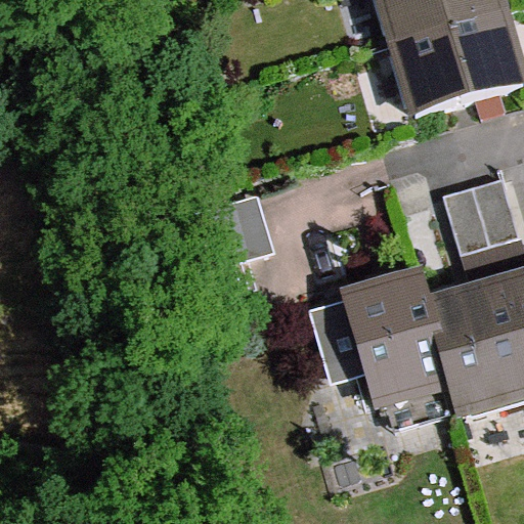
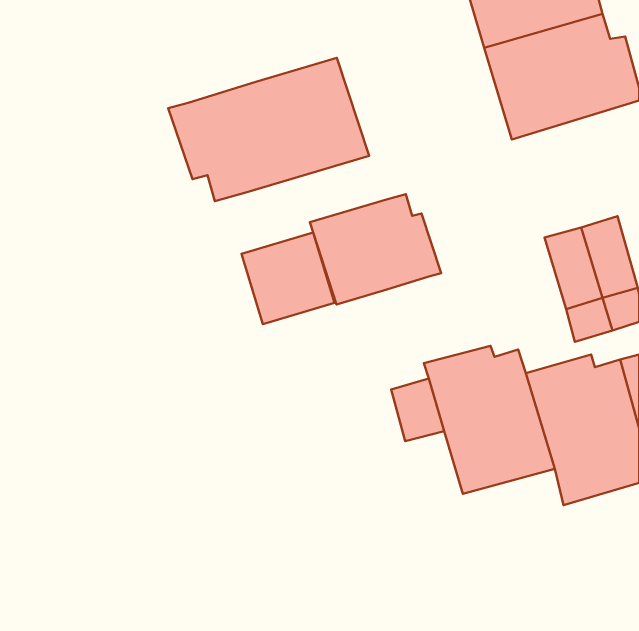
building: none -> [168,58,369,201]
building: none -> [310,194,441,305]

